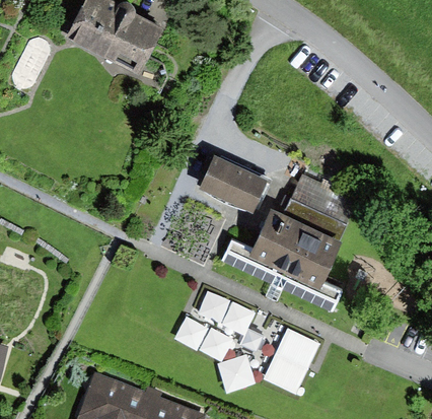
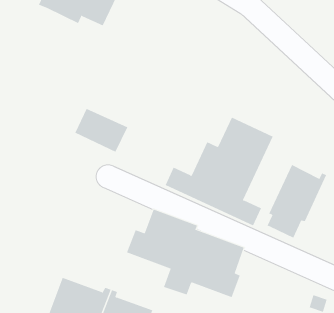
building: [201,154,267,209] -> [75,108,128,153]
building: none -> [267,164,327,239]

